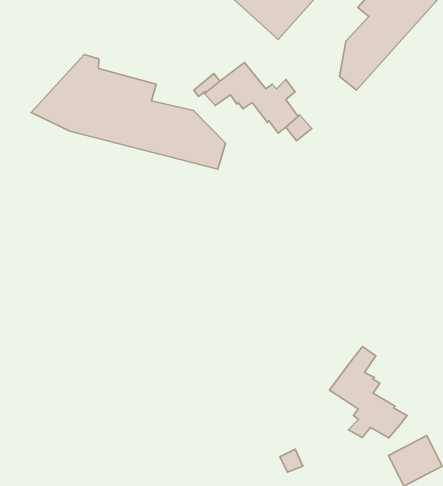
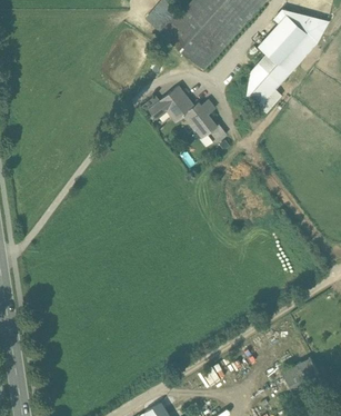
building: [31,55,226,169] -> none
building: [330,346,407,438] -> none

